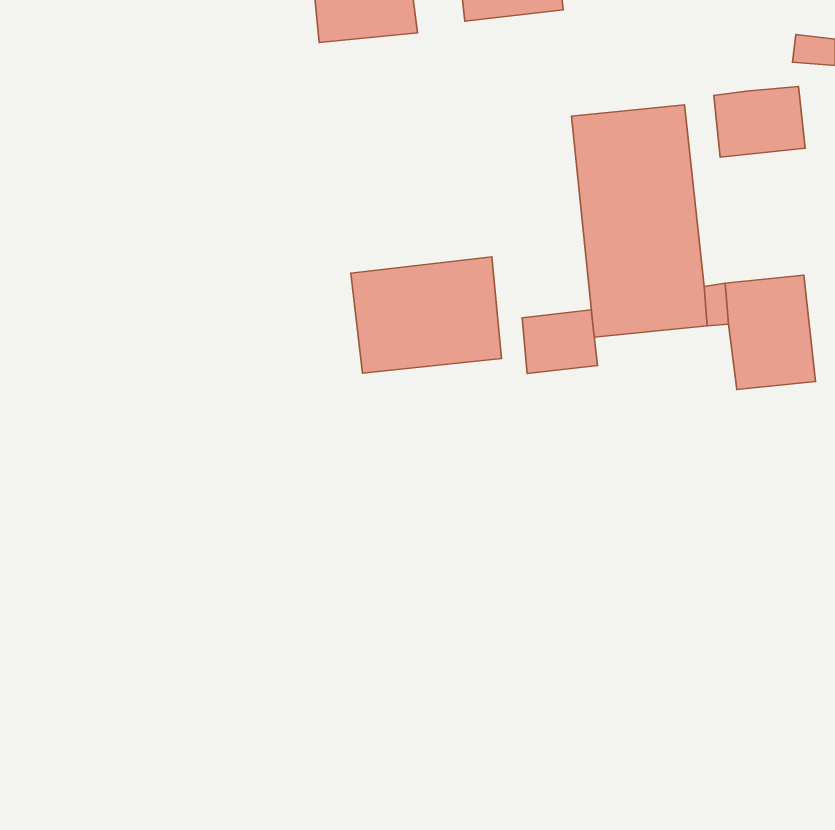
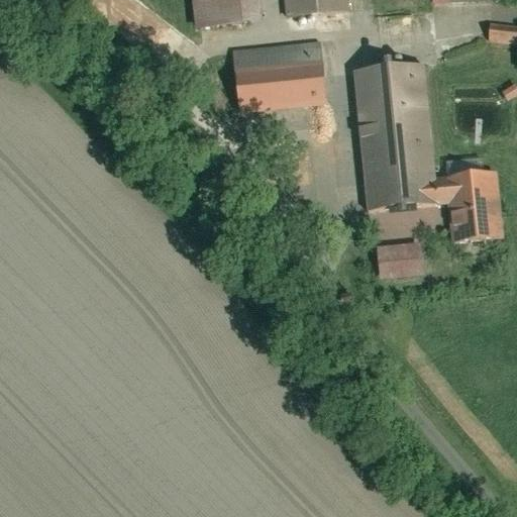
building: [714,87,805,157] -> none
building: [351,257,502,373] -> [233,40,326,112]
building: [522,310,598,374] -> [376,240,422,280]

